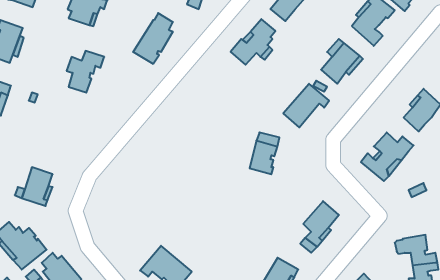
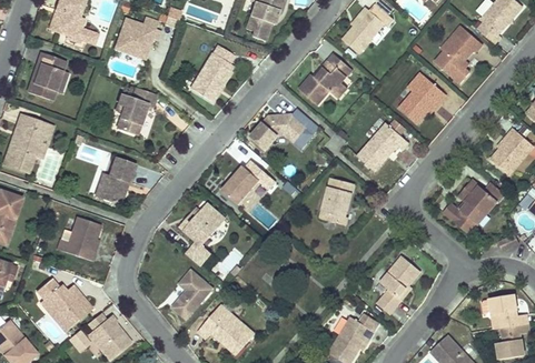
building: none -> [250,108,319,150]
building: none -> [99,157,136,204]
building: none -> [221,159,275,202]
building: none -> [179,202,225,265]
building: none -> [172,270,214,320]

